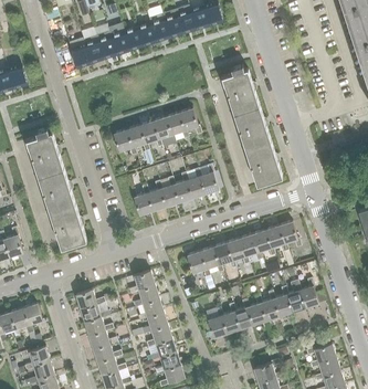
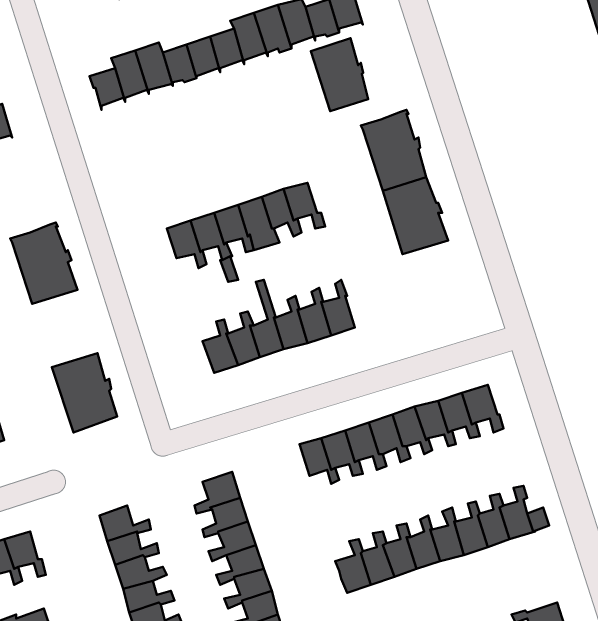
building: none -> [311,38,368,111]
building: [243,141,280,186] -> none
building: [36,169,73,212] -> none

